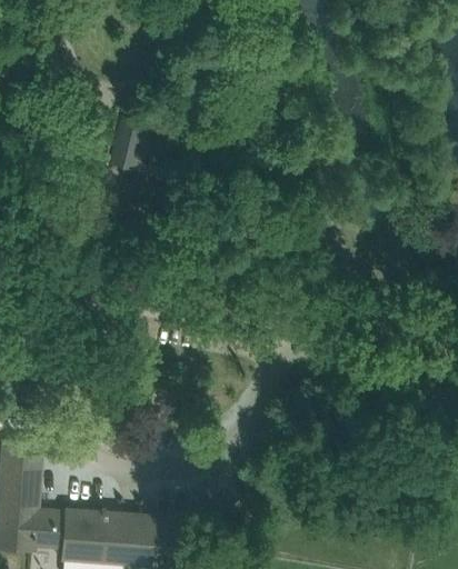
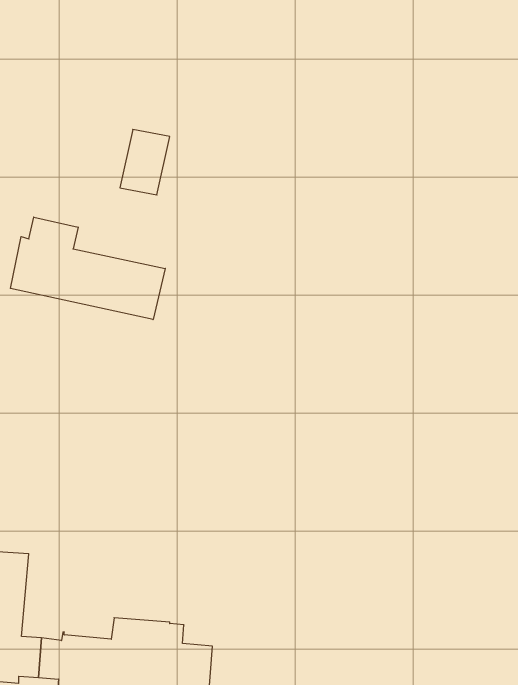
building: none -> [10,217,165,320]

